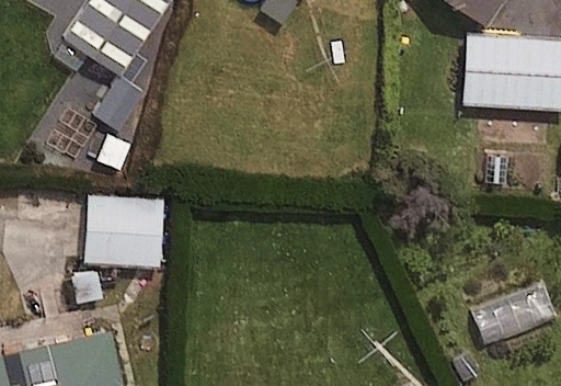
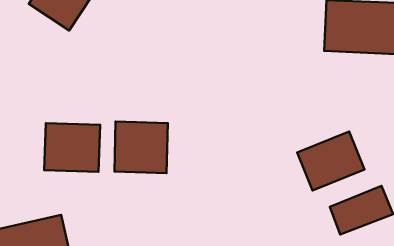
building: none -> [114,122,168,173]
building: none -> [297,132,364,191]

